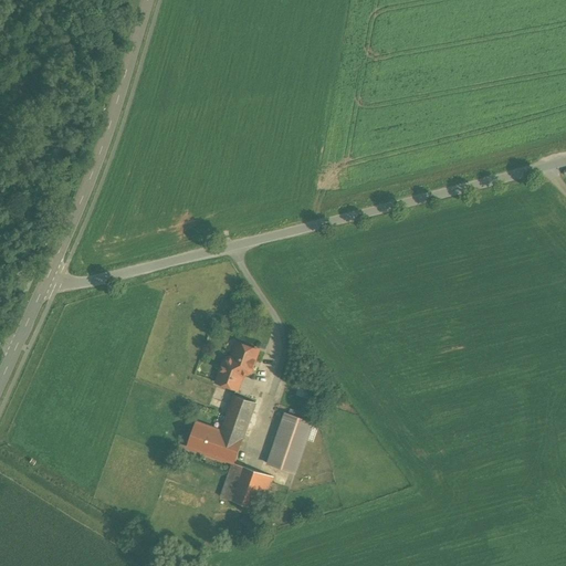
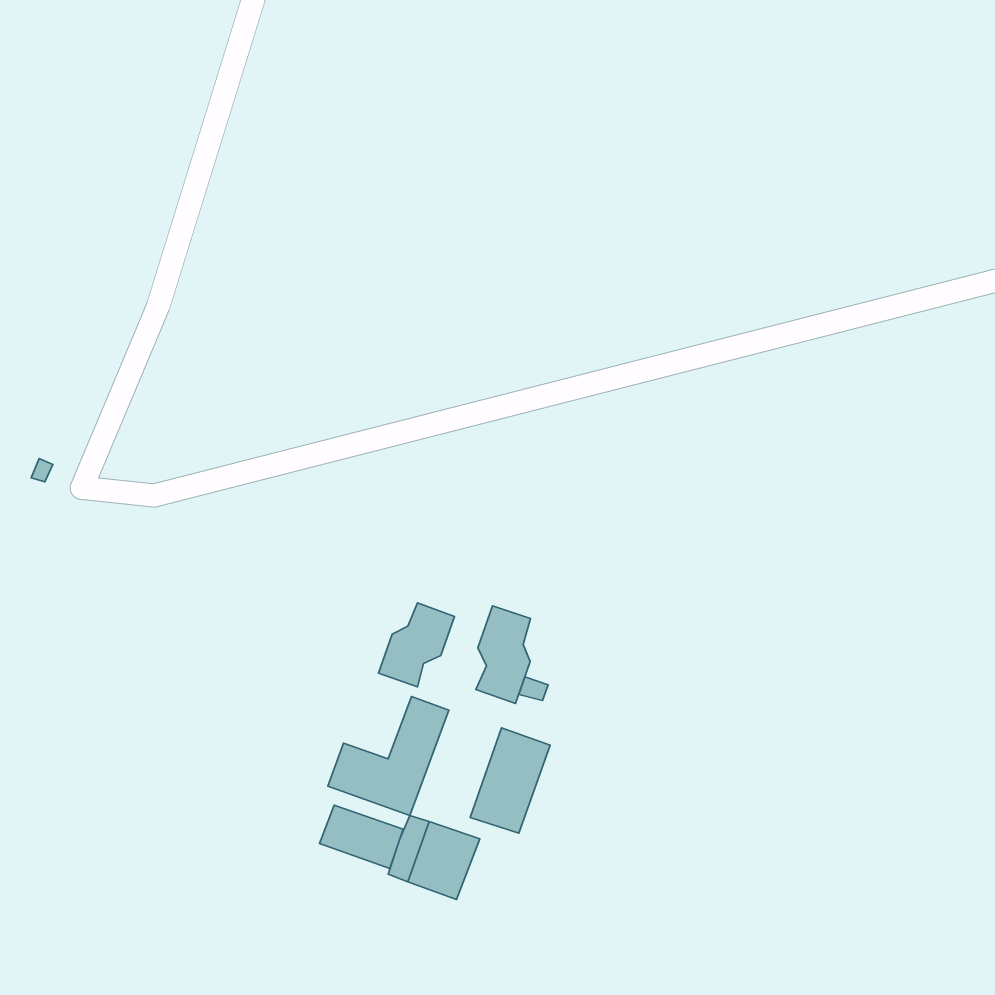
building: none -> [476,606,531,703]
building: none -> [319,805,403,868]

